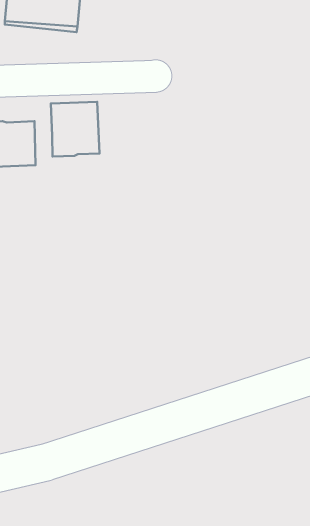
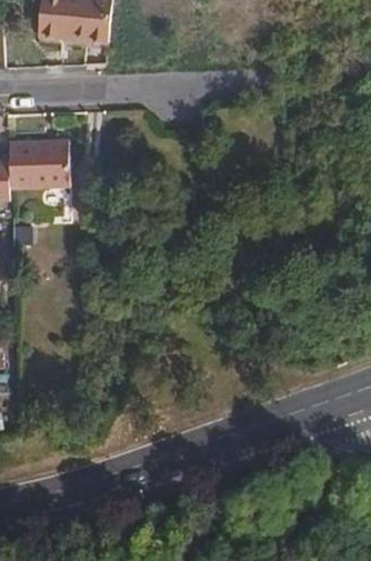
building: [51,102,100,157] -> none

